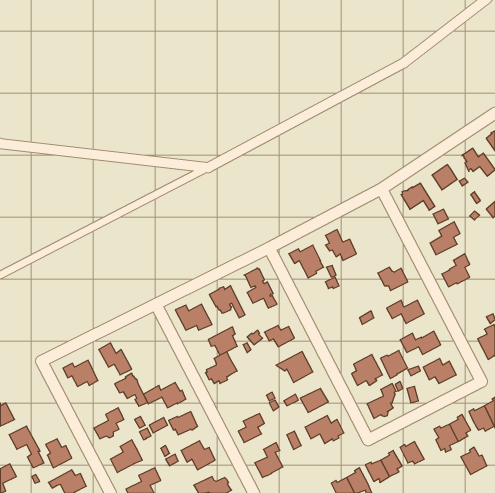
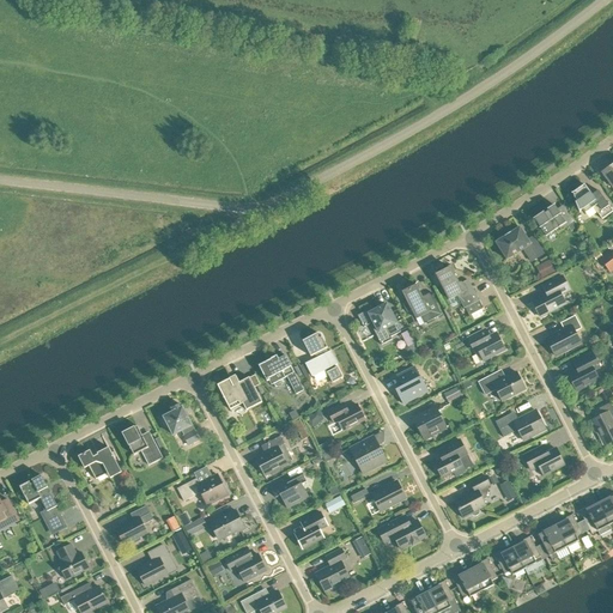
building: none -> [436,263,482,315]
building: none -> [568,351,600,390]
building: none -> [395,365,427,403]
building: [208,327,237,355] -> [272,472,308,506]
building: [381,350,408,379] -> [412,405,445,439]
building: [115,373,147,406] -> [158,402,199,443]
building: [9,426,44,468] -> [19,474,62,526]
building: [461,447,487,474] -> [512,534,545,568]

